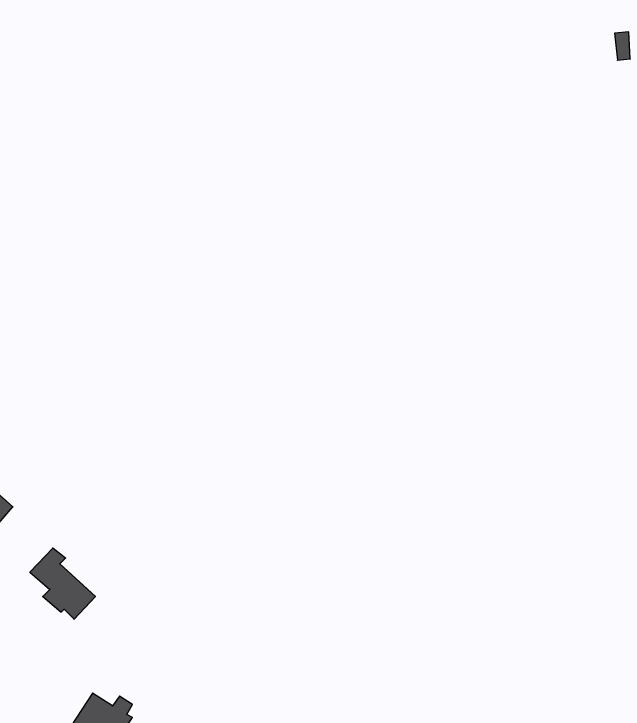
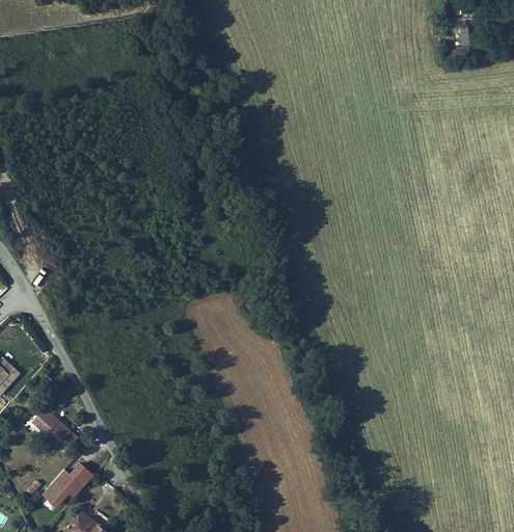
building: none -> [43,462,93,506]

